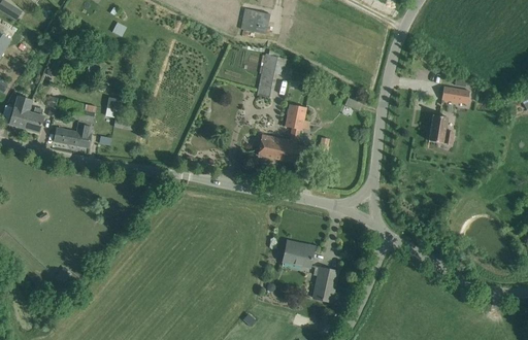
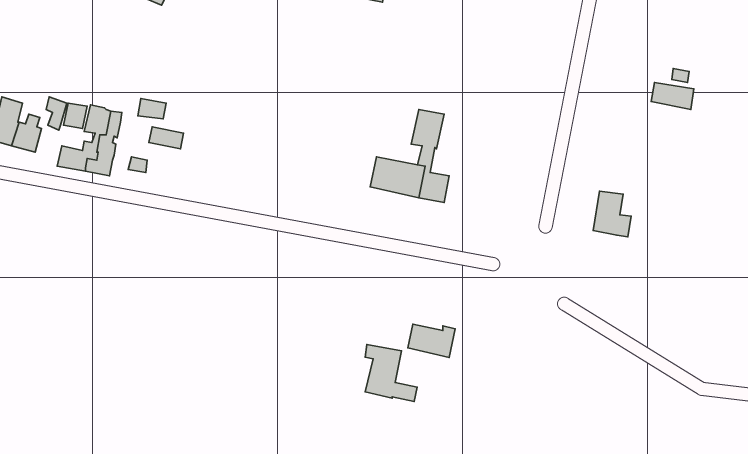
building: [257,54,286,98] -> none
building: [428,114,453,144] -> [593,191,631,237]
building: [314,267,348,304] -> [365,345,417,401]

